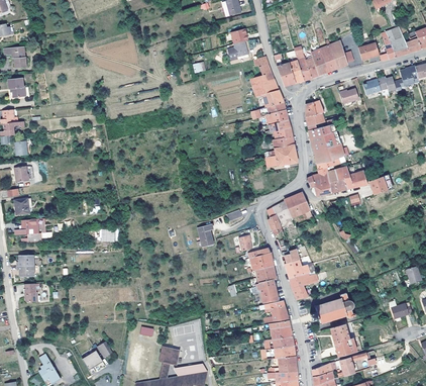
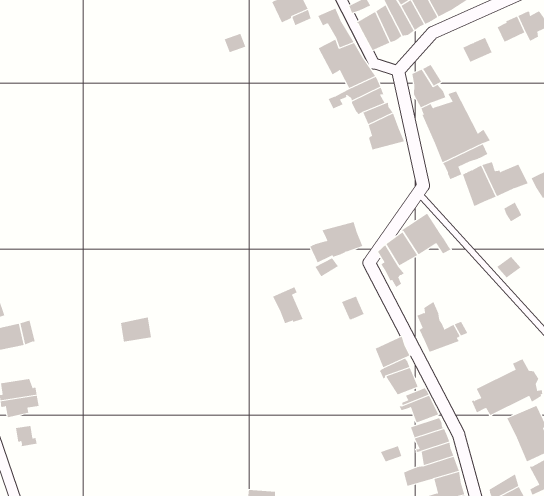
building: [264,146,298,168] -> [309,221,363,263]
building: [307,172,331,196] -> none
building: [248,248,274,271] -> none
building: [289,274,318,300] -> none

